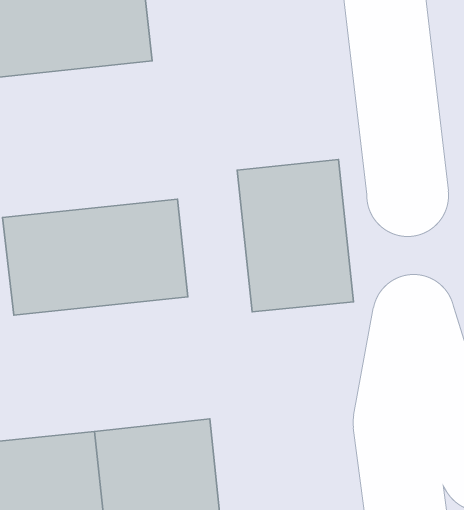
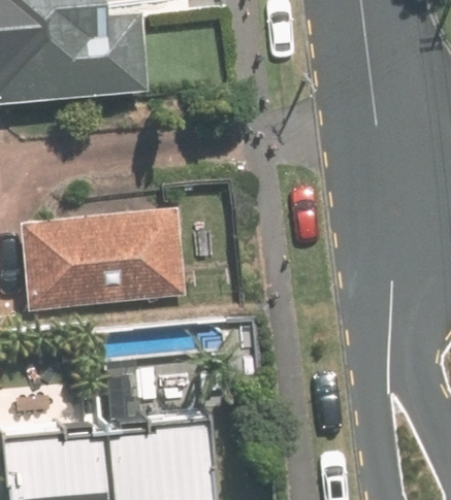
building: [237,159,354,312] -> none

